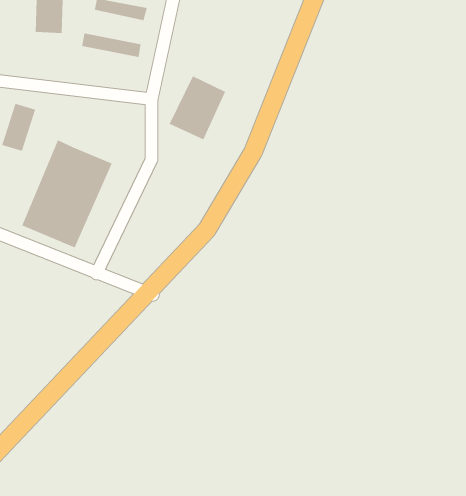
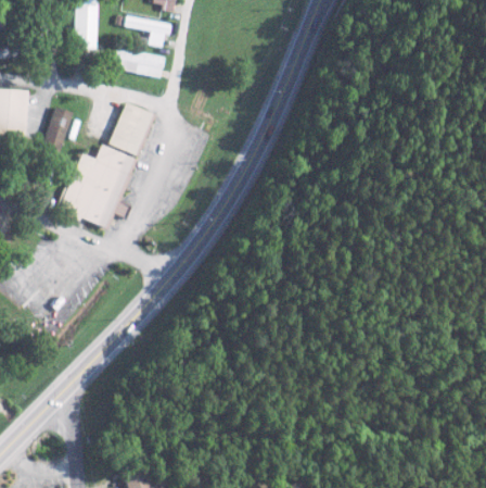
building: [169,75,226,141] -> [106,102,156,159]

